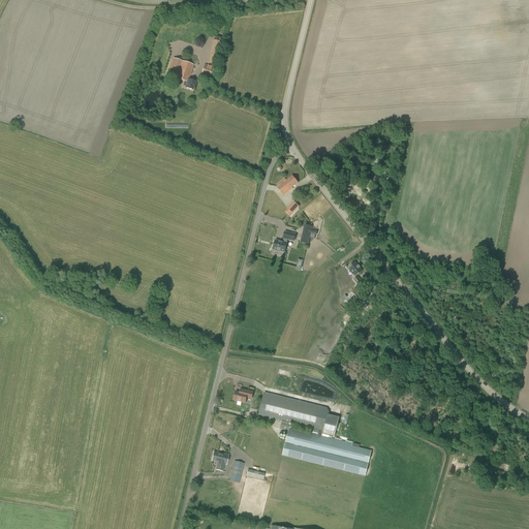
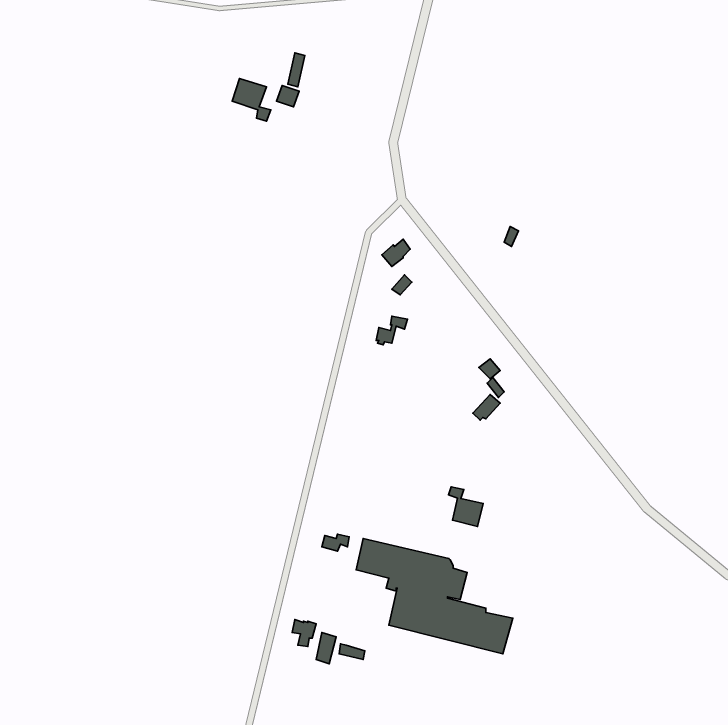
building: none -> [449,487,483,526]

